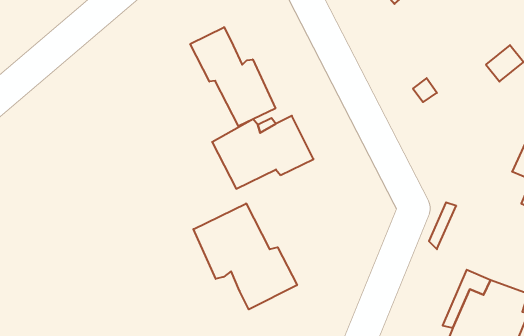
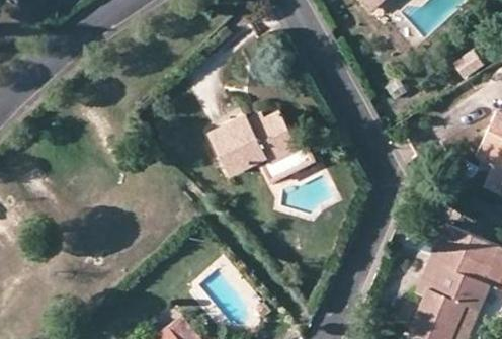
building: [190,27,275,126] -> none
building: [193,203,297,309] -> none

